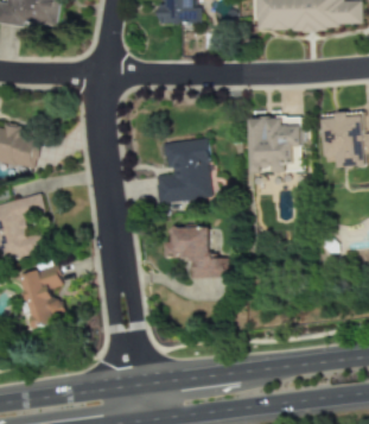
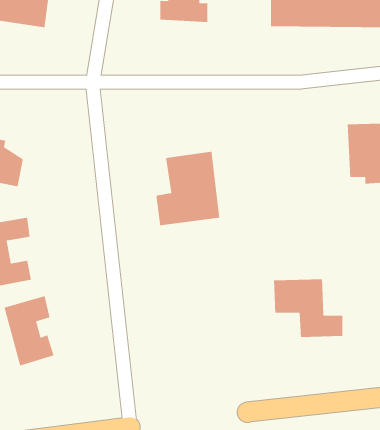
building: [250,116,301,171] -> none
building: [166,226,228,278] -> [273,279,343,338]

